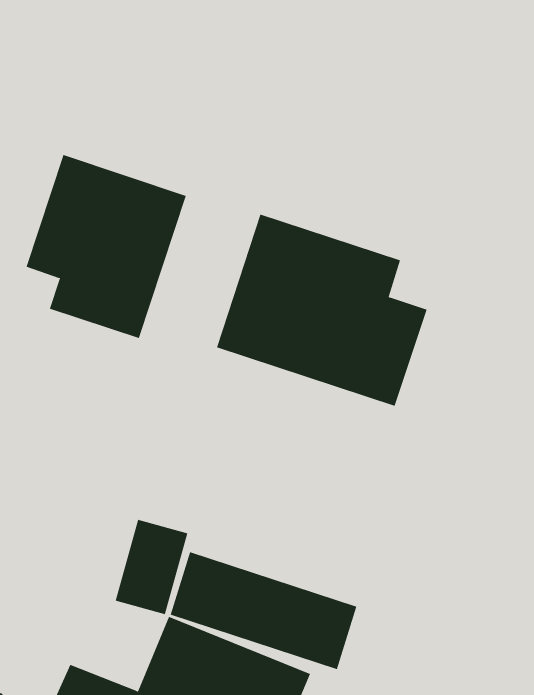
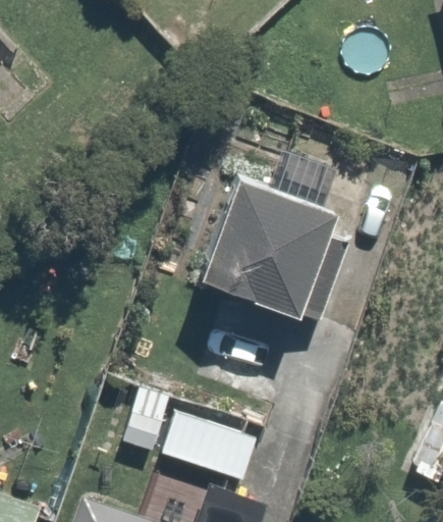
building: [26,154,186,339] -> none

